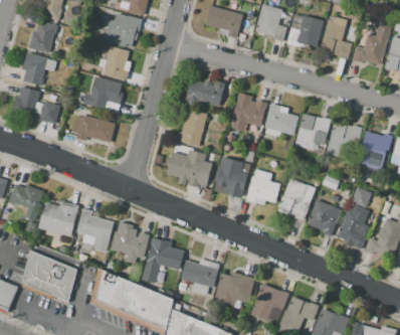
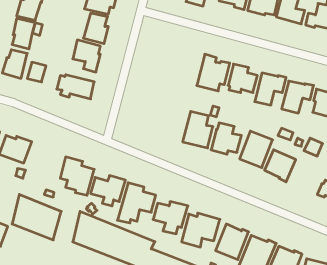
building: [185,78,225,106] -> none
building: [175,108,206,145] -> none
building: [167,149,212,187] -> none
building: [39,199,79,236] -> none
building: [336,204,369,249] -> none

